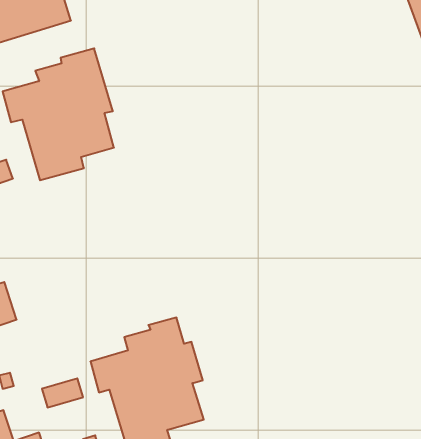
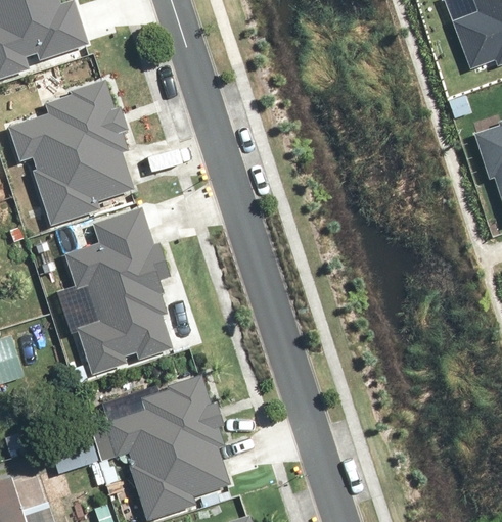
building: none -> [65,209,174,372]

